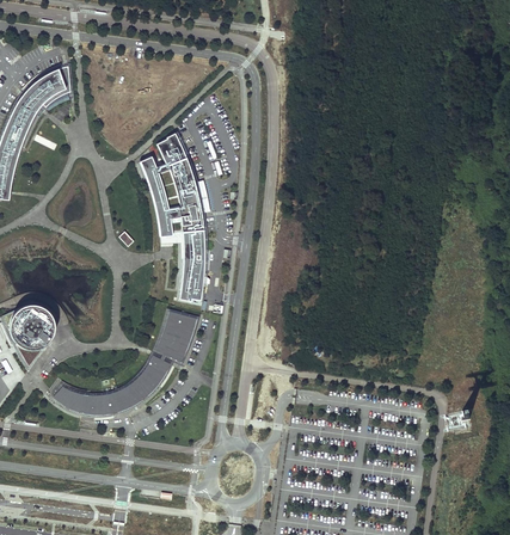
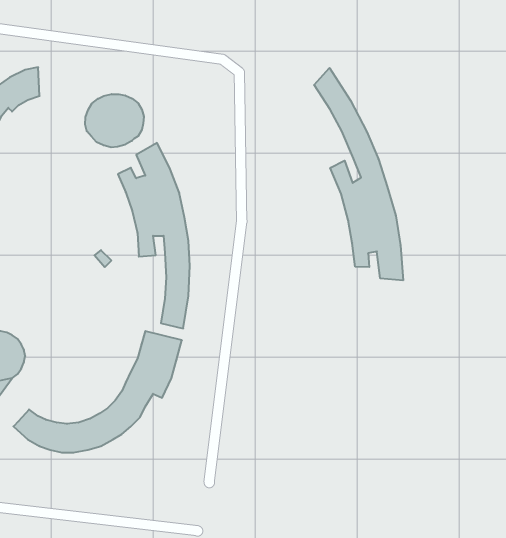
building: none -> [314,68,403,280]
building: none -> [85,94,144,147]

